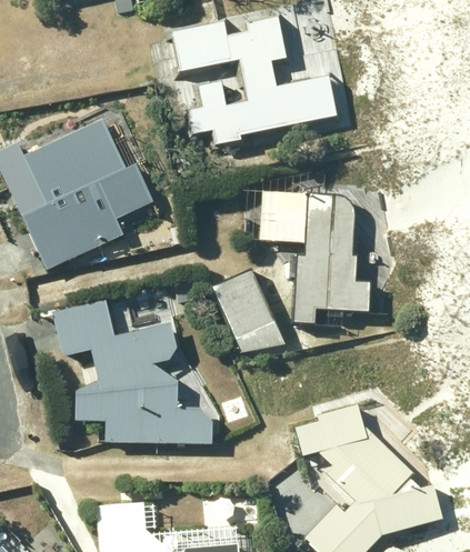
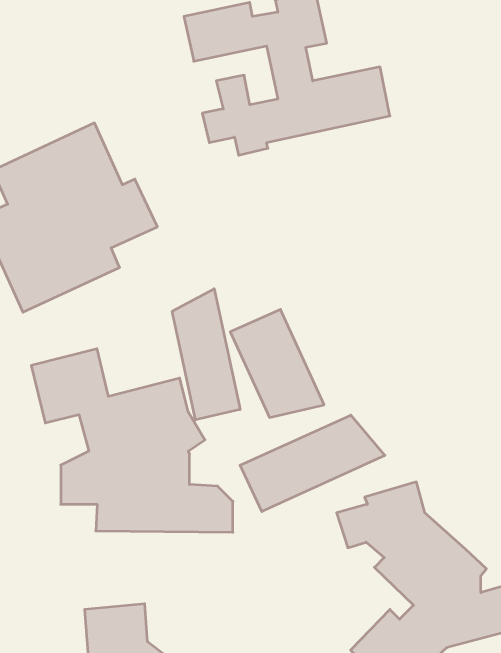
building: [276,190,370,323] -> none
building: none -> [172,289,240,420]
building: none -> [240,415,385,512]

